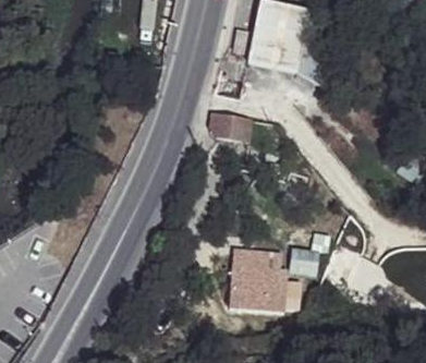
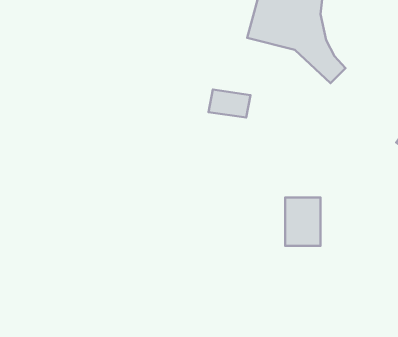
building: [231,246,303,306] -> none

